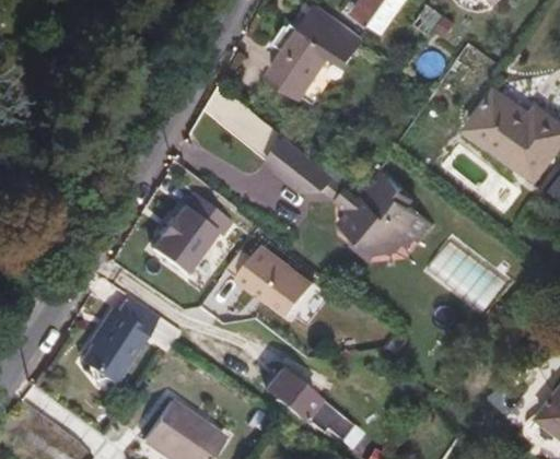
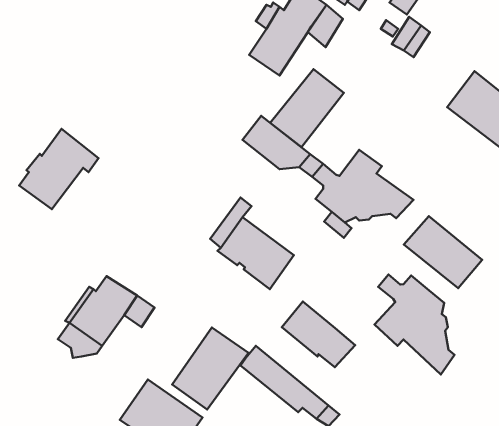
building: none -> [270,69,344,147]
building: [154,188,234,269] -> [19,129,98,209]
building: none -> [374,274,454,374]
building: none -> [282,302,355,367]
building: none -> [172,327,248,409]

